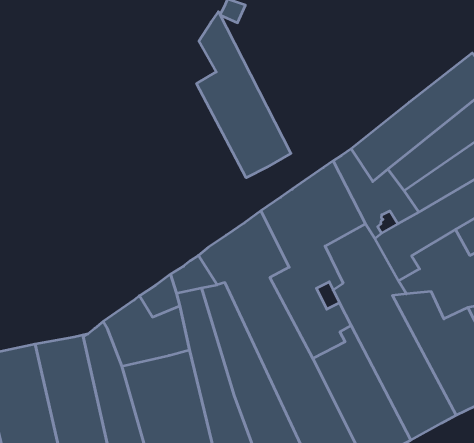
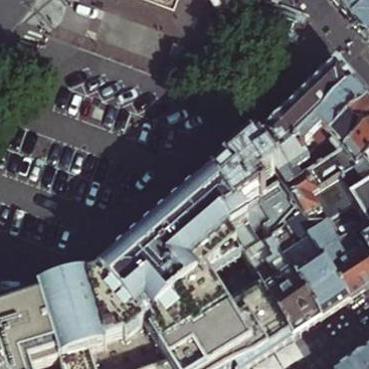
building: [197,12,291,178] -> none

